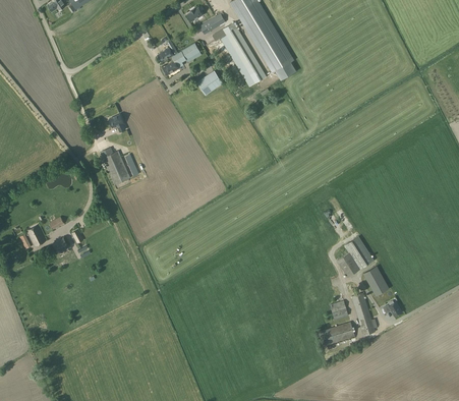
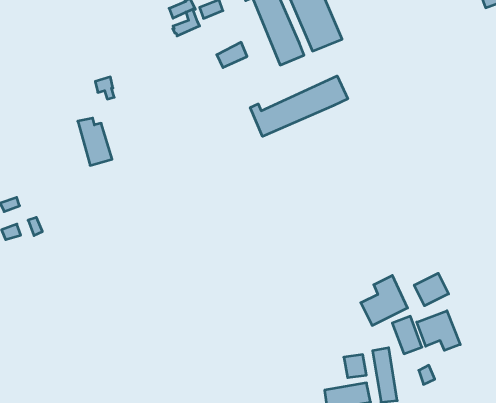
building: none -> [250,76,348,136]
building: none -> [414,273,449,306]
building: none -> [417,311,460,350]

